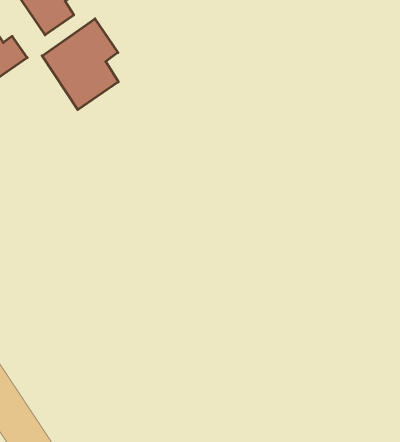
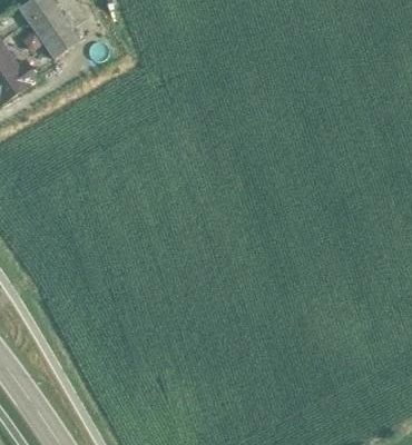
building: [42,19,118,110] -> none

